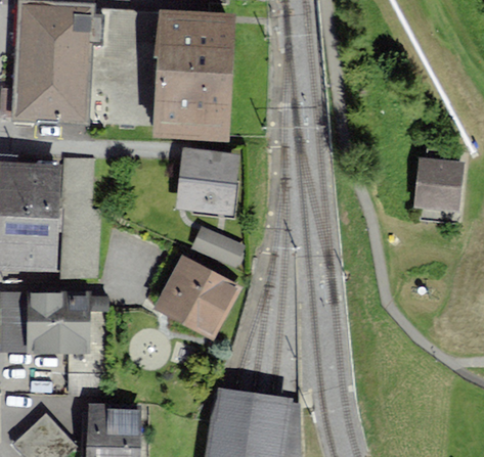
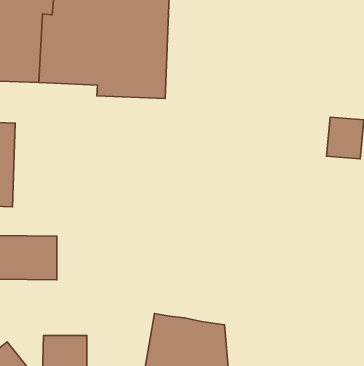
building: [178,149,233,211] -> none
building: [56,163,98,276] -> none
building: [192,229,243,266] -> none
building: [157,259,235,335] -> none

